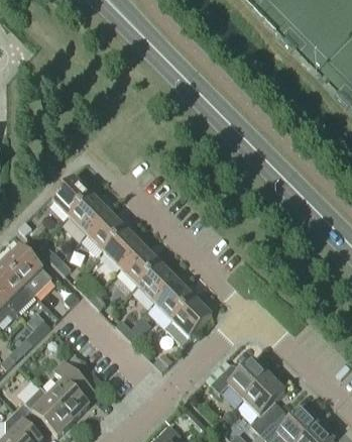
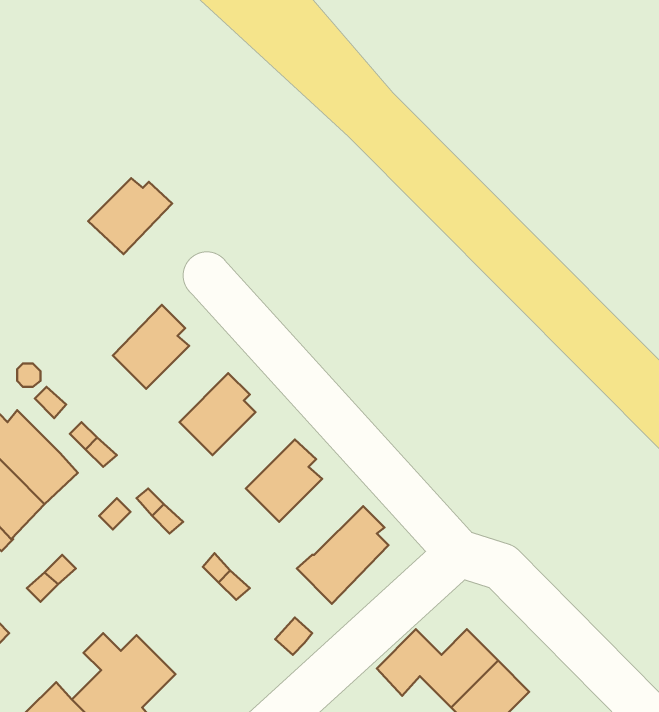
building: [51,179,95,218] -> [88,178,172,254]
building: [87,213,129,252] -> none
building: [121,247,163,287] -> none
building: [155,282,199,321] -> none

